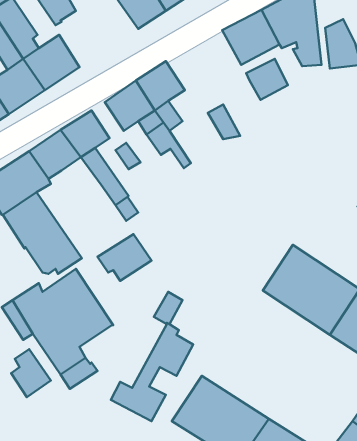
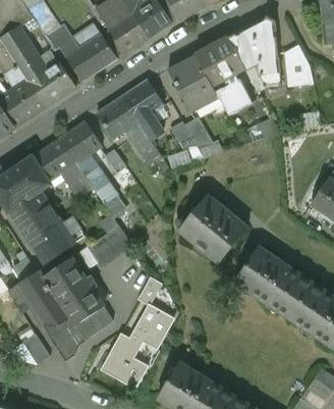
building: none -> [58,35,117,82]
building: none -> [167,55,219,113]
building: none -> [59,163,93,199]
building: none -> [176,186,244,254]
building: none -> [74,306,111,339]

